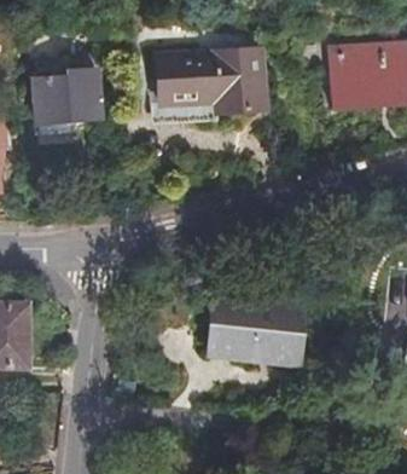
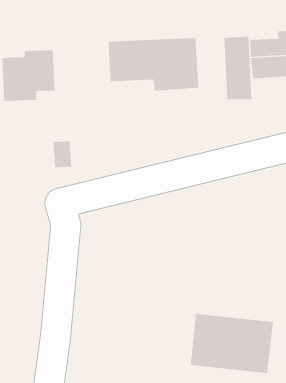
building: none -> [224,36,252,100]
building: [208,295,307,366] -> [190,313,274,374]

